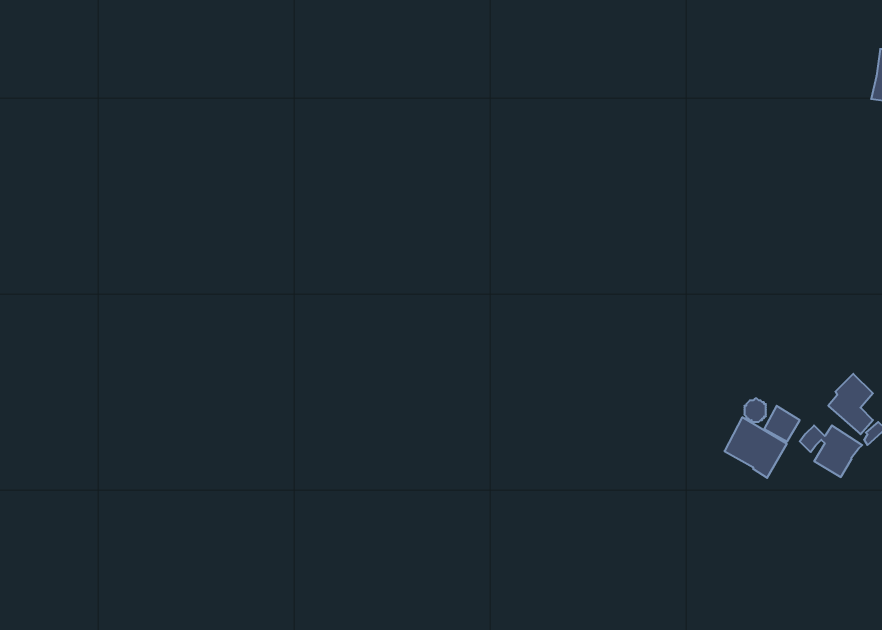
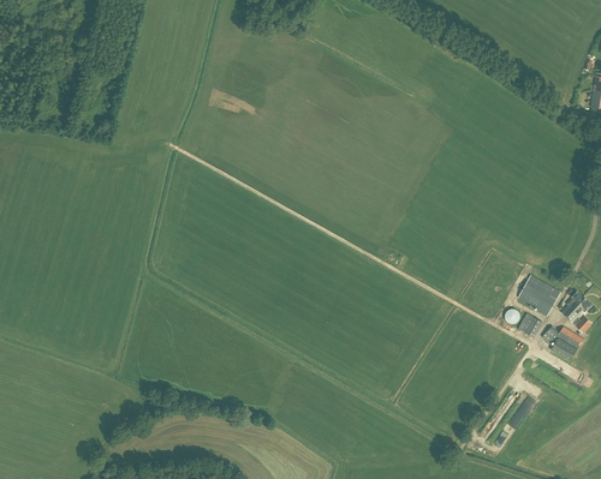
building: [724,417,787,478] -> [518,274,560,315]

